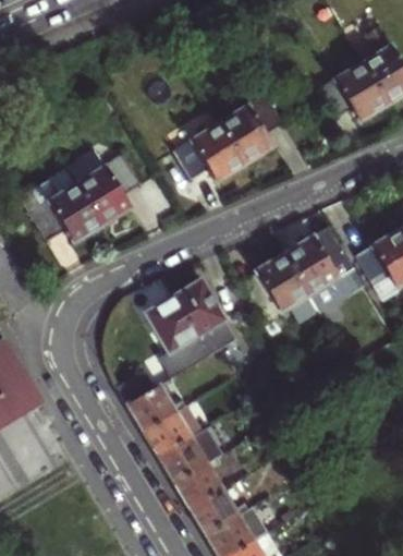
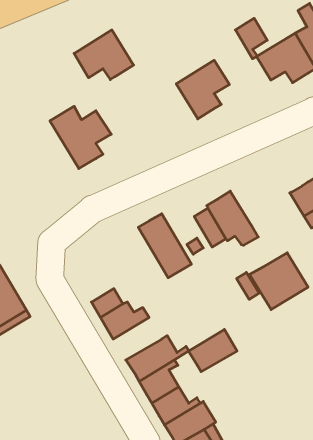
building: none -> [235,18,267,59]
building: [173,121,245,181] -> [74,30,134,80]
building: [21,166,101,241] -> none
building: [284,225,355,293] -> [249,253,308,310]
building: [145,294,209,378] -> none
building: [143,403,201,455] -> [188,329,237,372]

